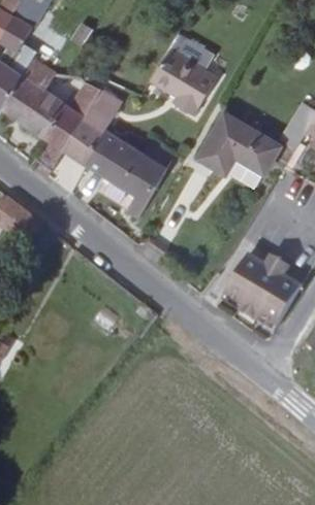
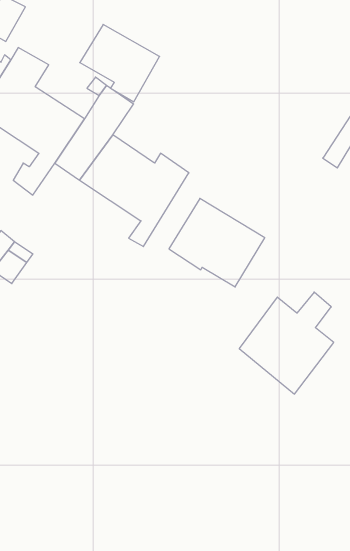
building: [157,48,224,113] -> [80,24,160,102]
building: [200,114,281,189] -> [169,198,265,287]

